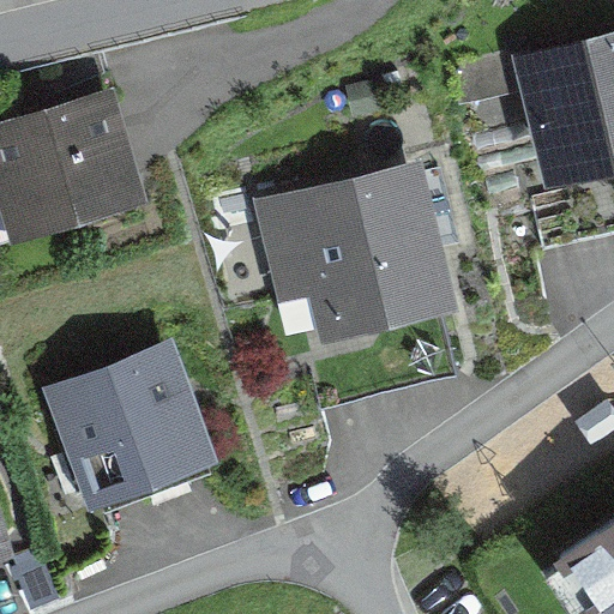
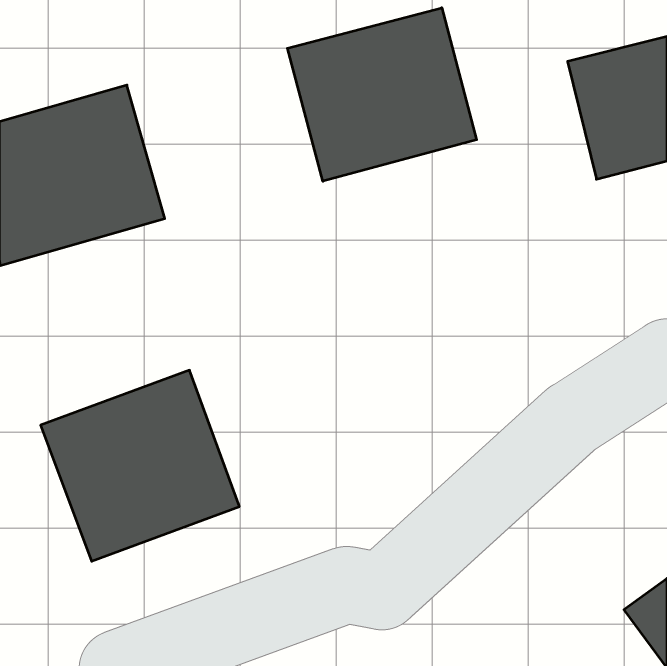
building: none -> [287,8,477,181]
building: [245,159,462,348] -> none

